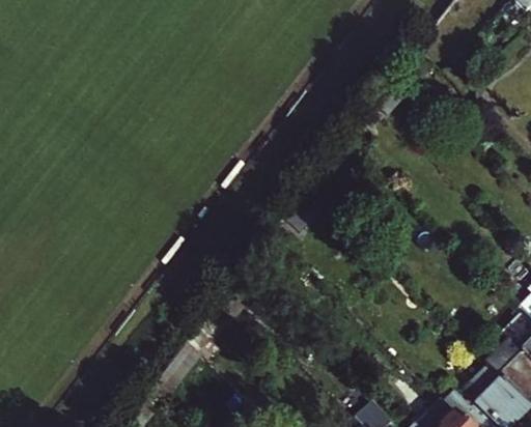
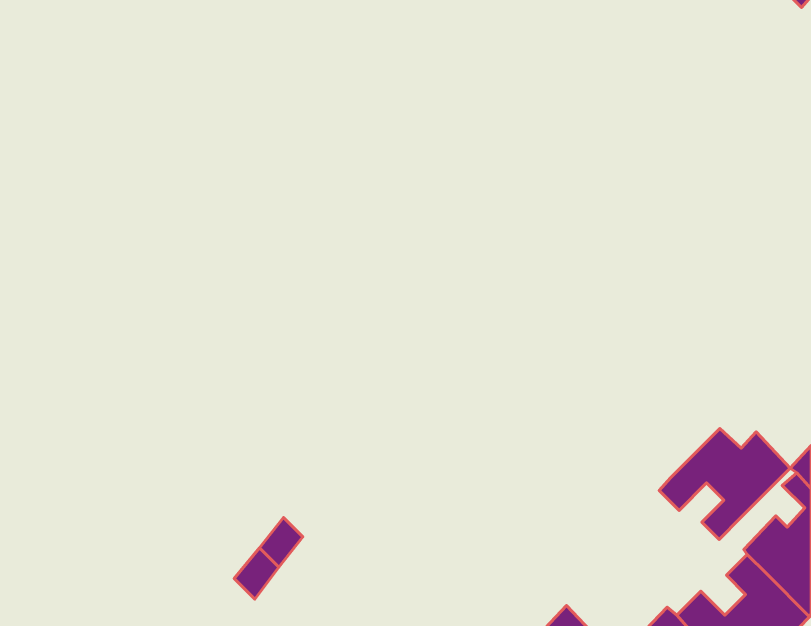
building: none -> [659,429,790,539]

